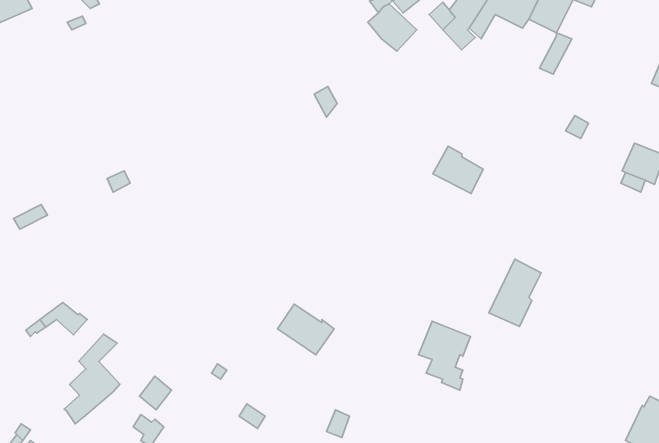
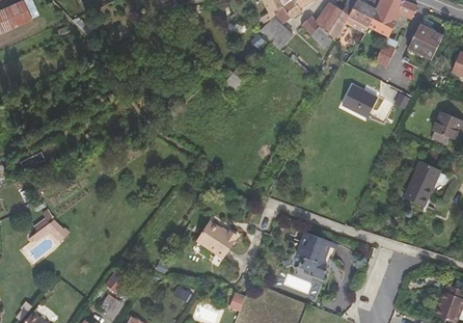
building: none -> [409,22,444,59]
building: [433,146,483,194] -> [342,84,376,116]
building: [489,259,541,327] -> [403,160,438,206]
building: [64,334,120,424] -> none

